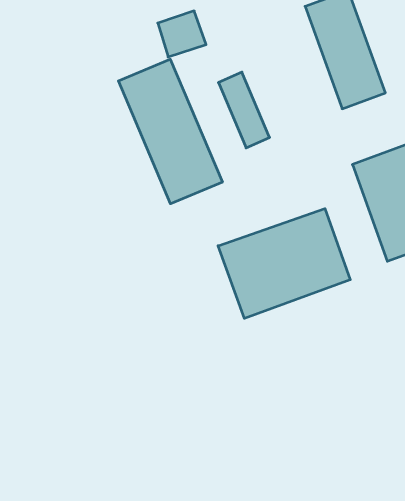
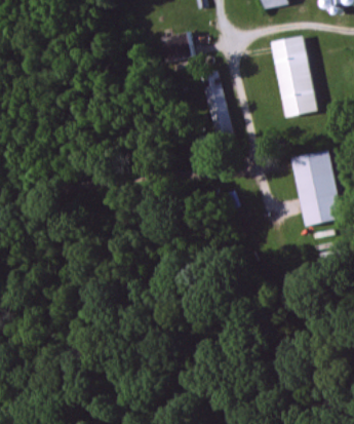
building: [118,59,222,204] -> none
building: [218,209,350,318] -> none

